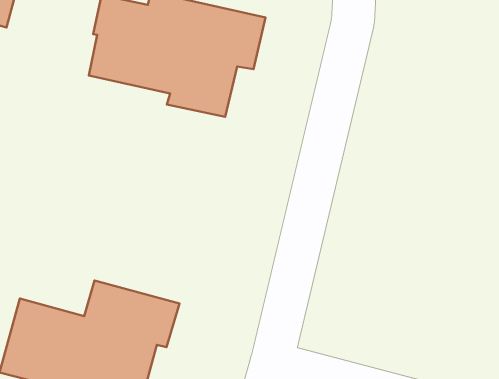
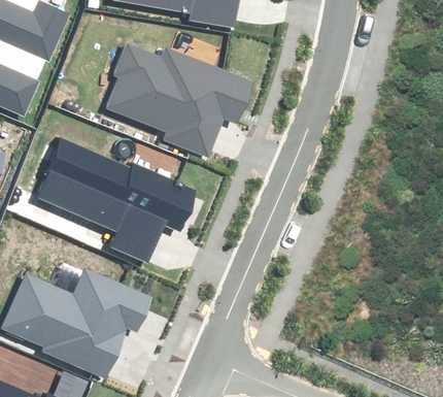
building: none -> [37,140,199,261]

